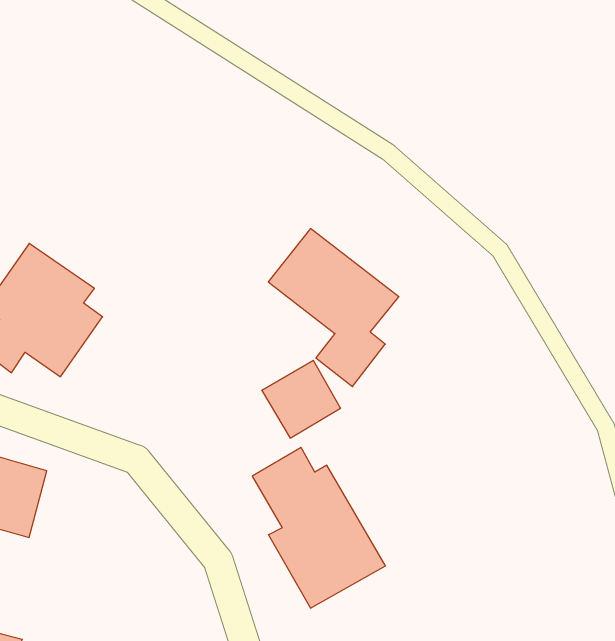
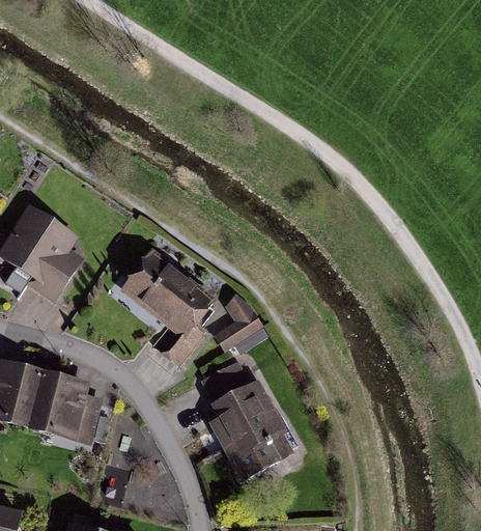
building: [268,229,399,387] -> [117,246,217,366]
building: none -> [28,376,104,443]

